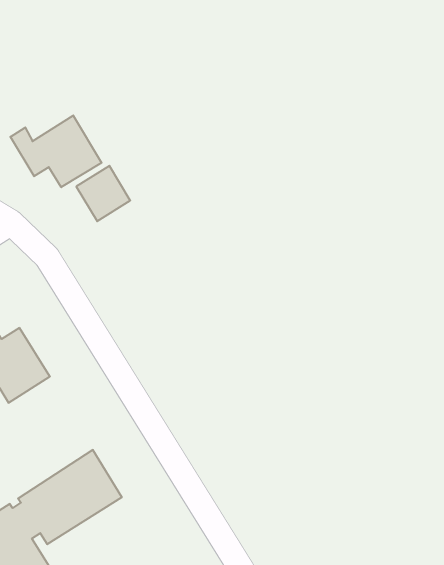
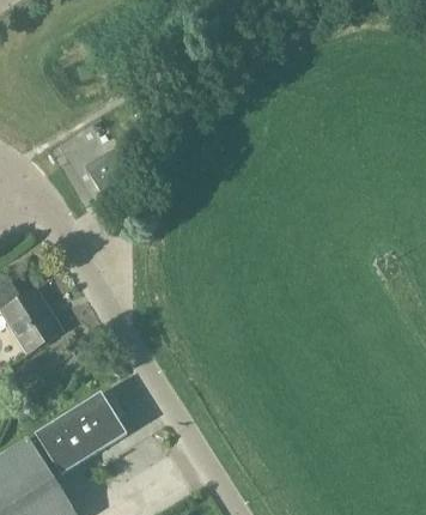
building: [10,115,102,187] -> none

